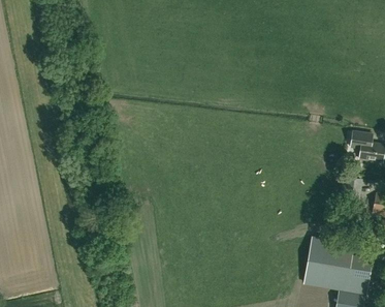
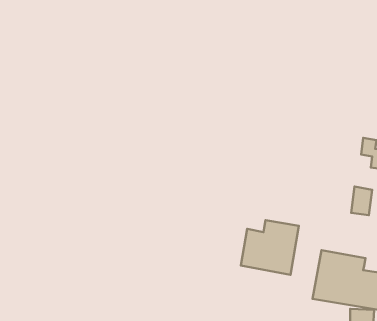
building: none -> [241,220,299,275]

